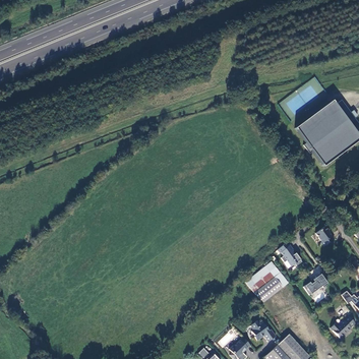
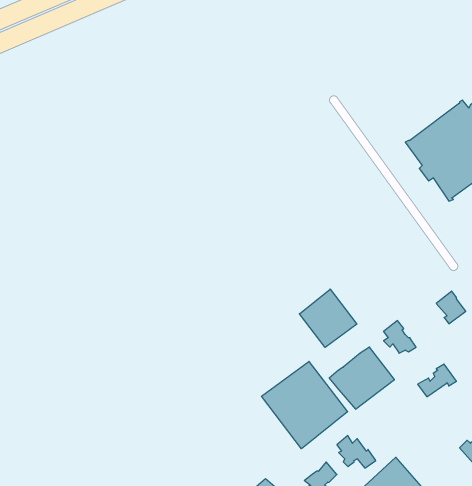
building: none -> [299,289,357,347]
building: none -> [262,361,348,449]

